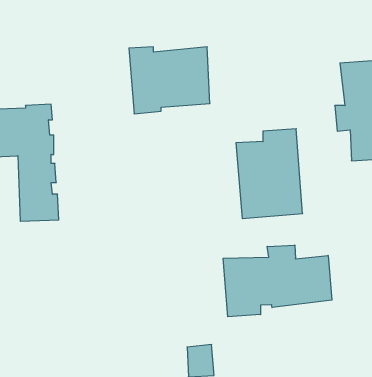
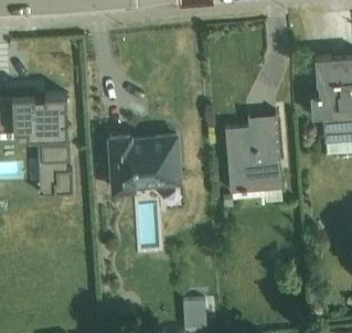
building: [129,47,210,114] -> [109,136,179,193]
building: [223,245,332,317] -> none

